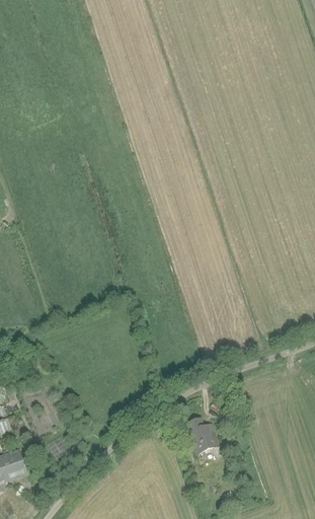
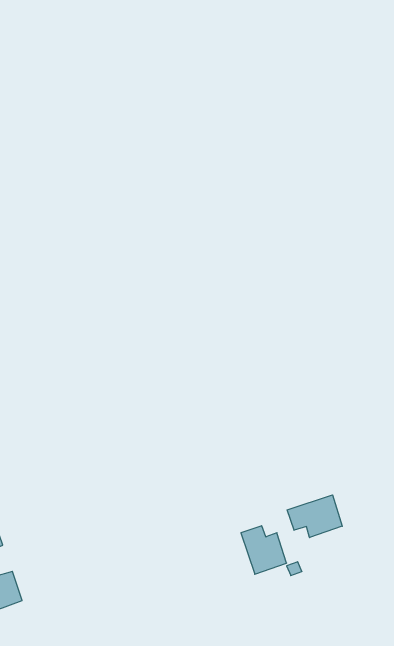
building: none -> [287,495,342,538]

